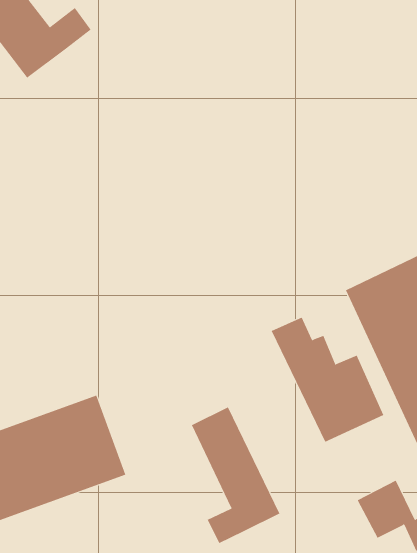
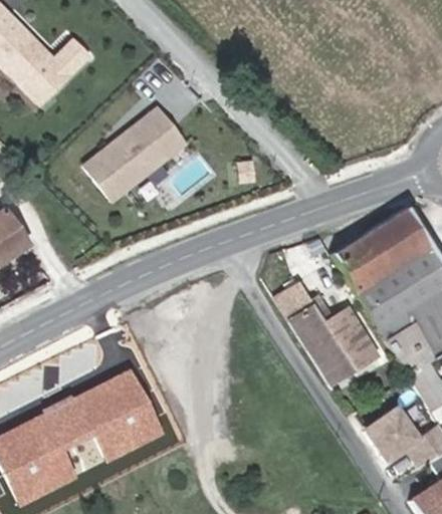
building: none -> [85,109,188,201]
building: [191,406,280,544] -> none

